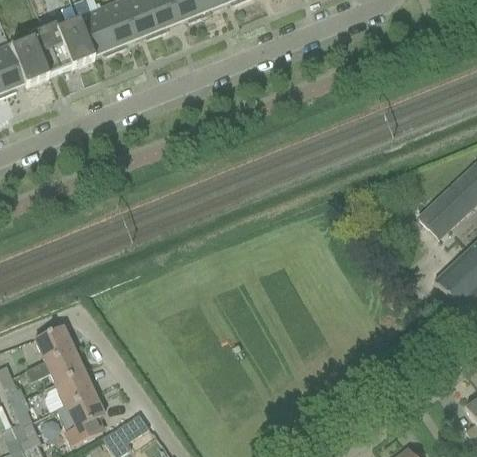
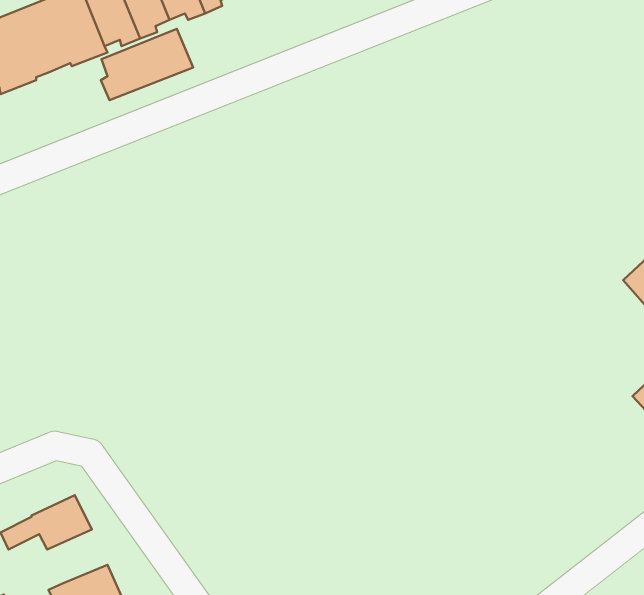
building: none -> [101,29,193,100]
building: [33,323,72,359] -> none
building: [54,368,93,403] -> none

